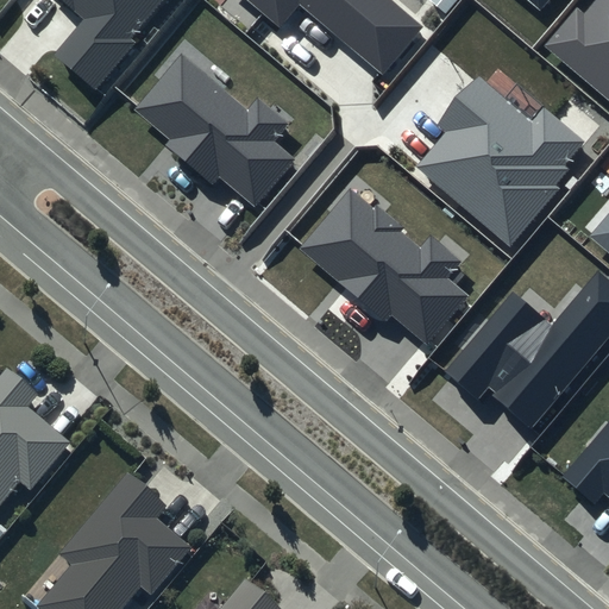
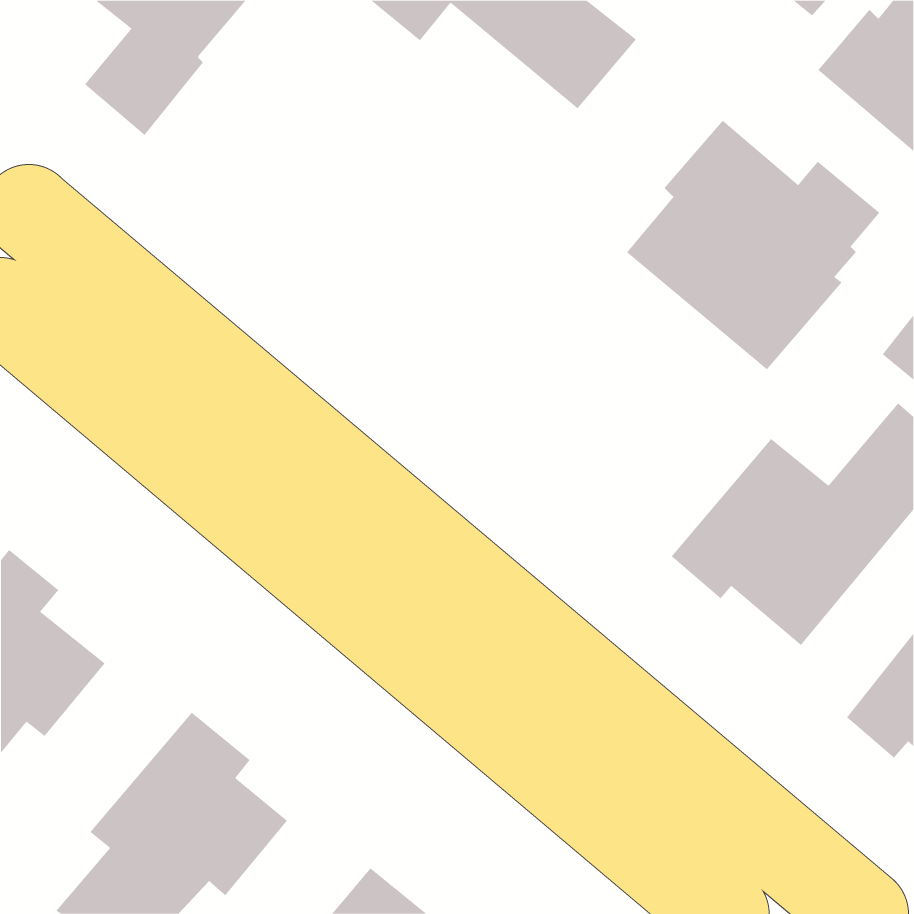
building: [133,54,293,205] -> none
building: [300,189,470,345] -> none

